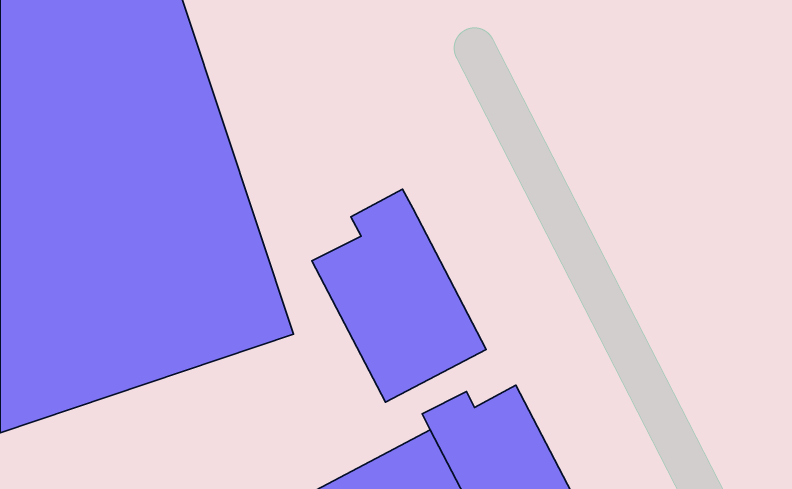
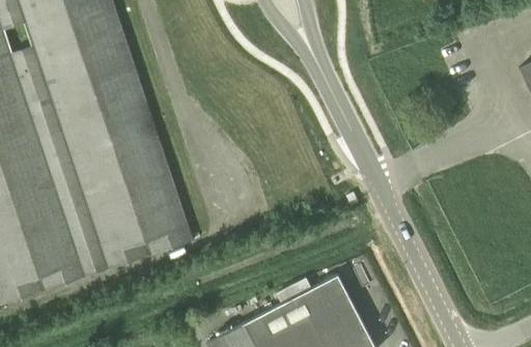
building: [312,189,486,402] -> none

